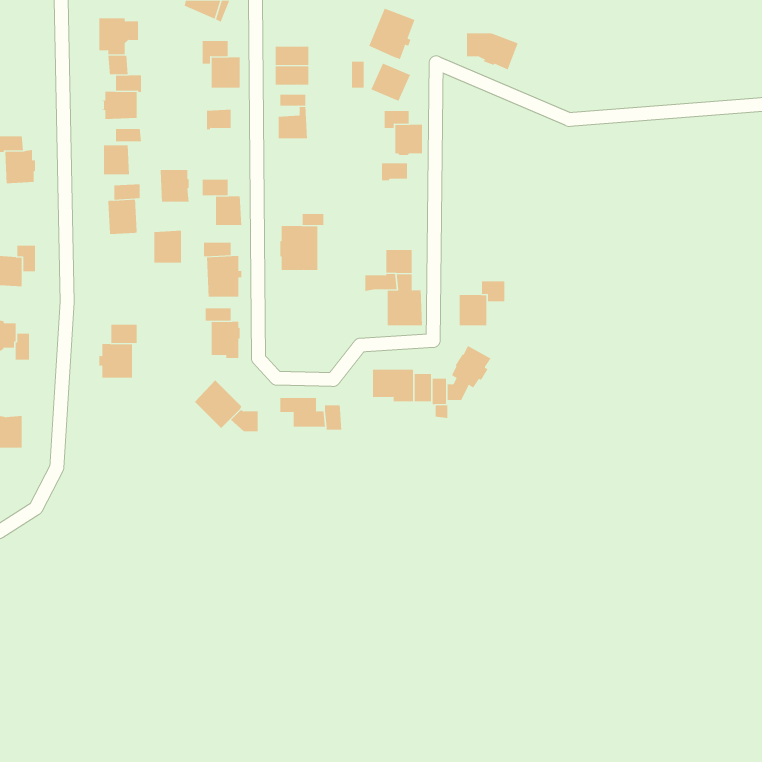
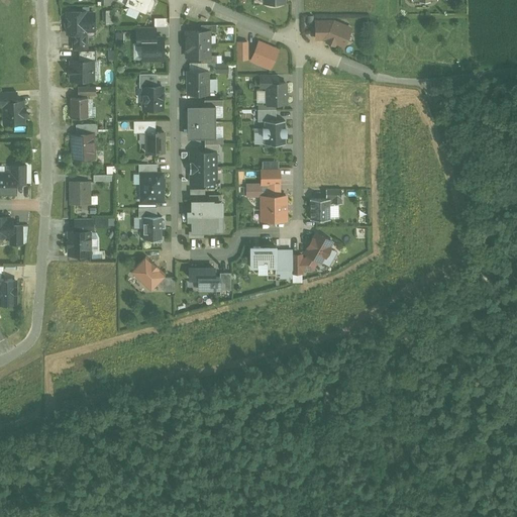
building: [368,8,415,60] -> none
building: none -> [192,107,220,138]
building: [160,169,190,202] -> [142,88,163,110]
building: none -> [263,122,286,145]
building: [154,230,182,263] -> [70,183,89,205]
building: none -> [187,196,225,230]

